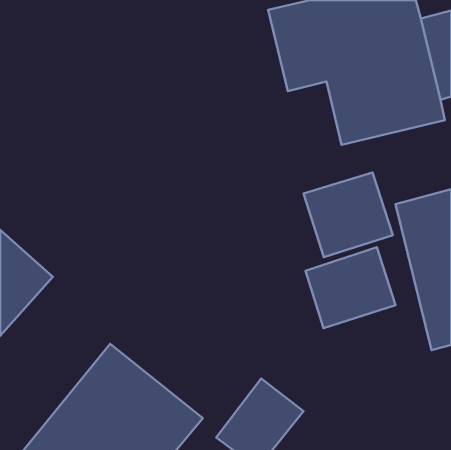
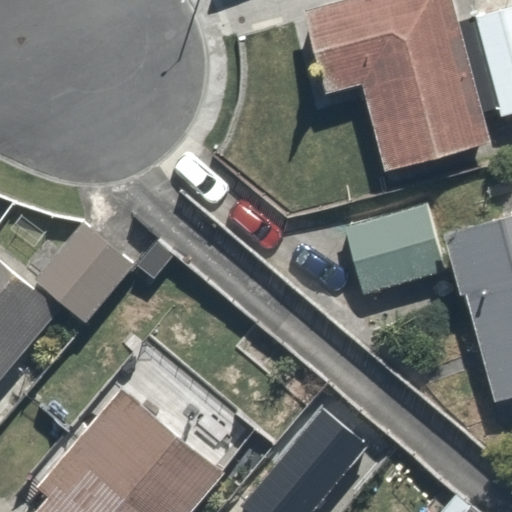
building: none -> [38,216,142,321]
building: [306,247,396,328] -> none

